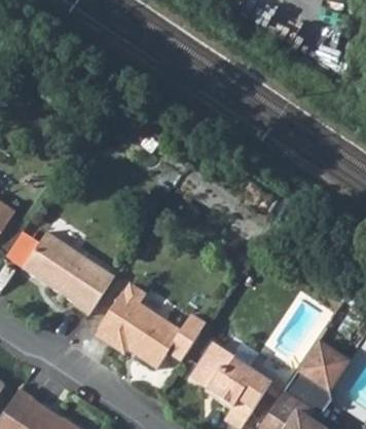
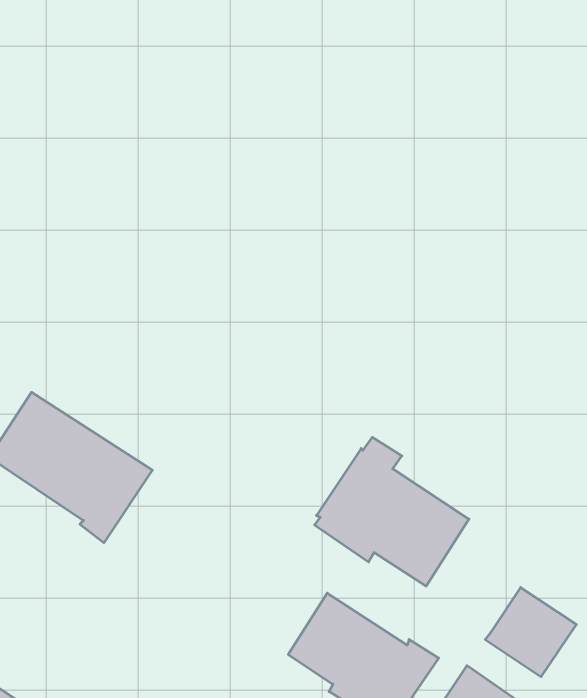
building: [98,287,183,369] -> [315,437,469,586]

